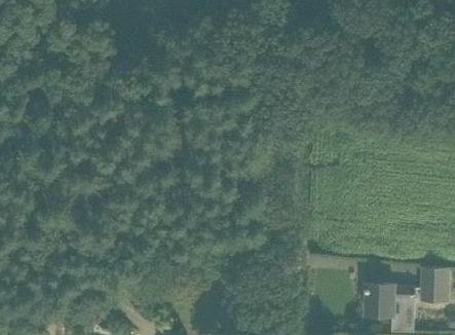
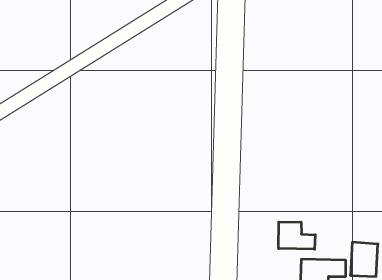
building: none -> [279,222,315,249]

